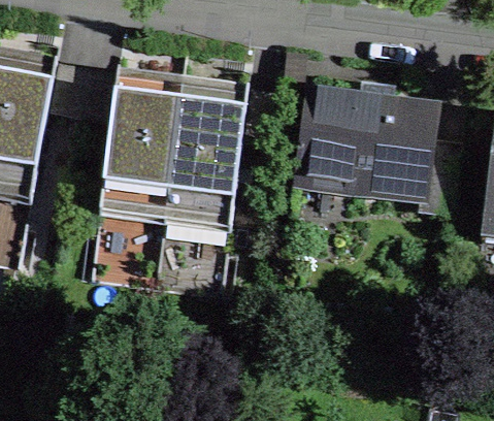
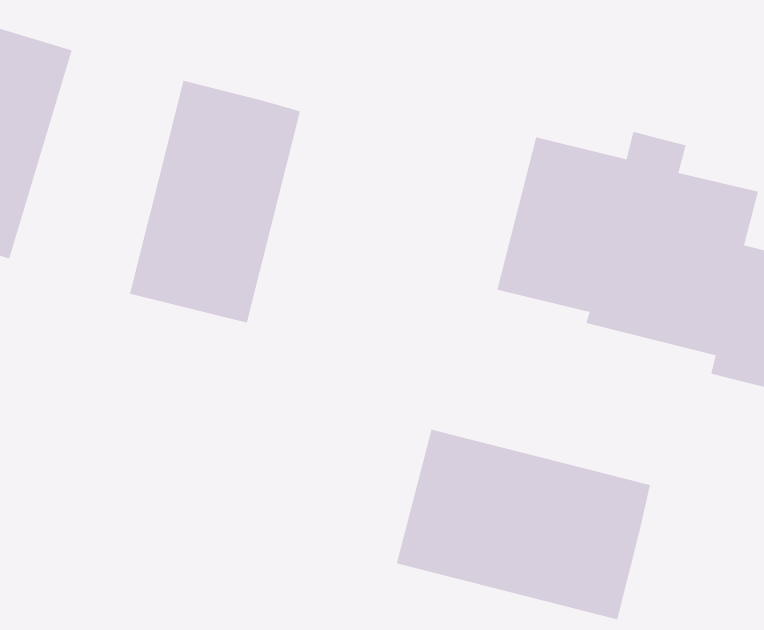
building: [166,95,246,222] -> none
building: none -> [396,429,651,620]

